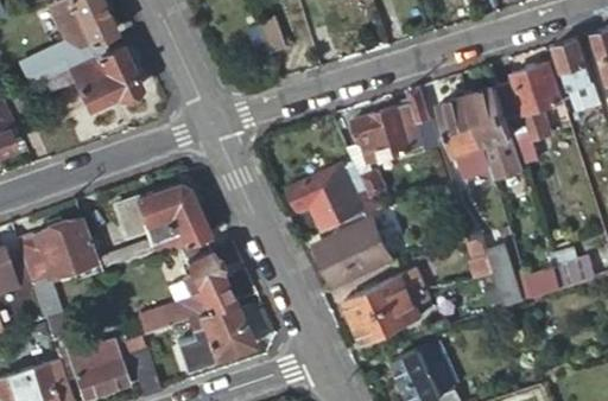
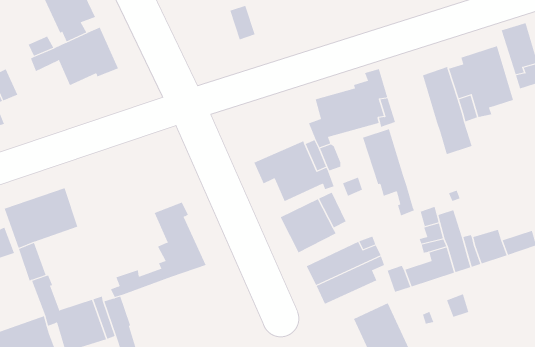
building: [438,95,495,190] -> [362,129,415,216]
building: [95,184,208,275] -> none
building: [173,301,251,368] -> none

